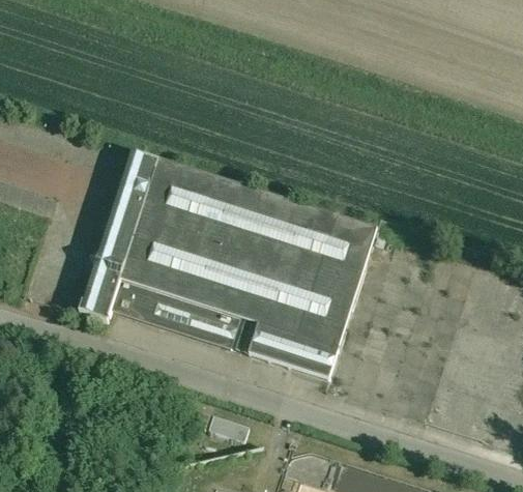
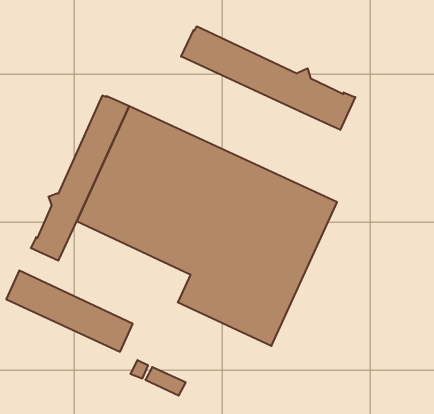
building: none -> [181,26,355,130]
building: [111,278,239,346] -> [6,271,133,352]

